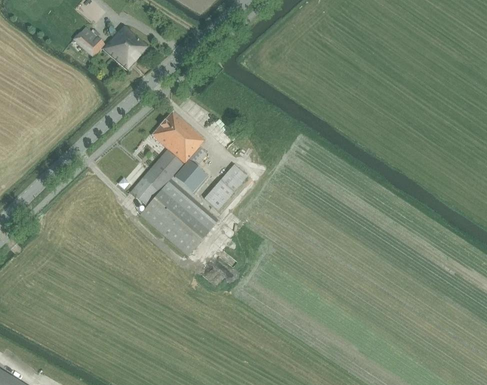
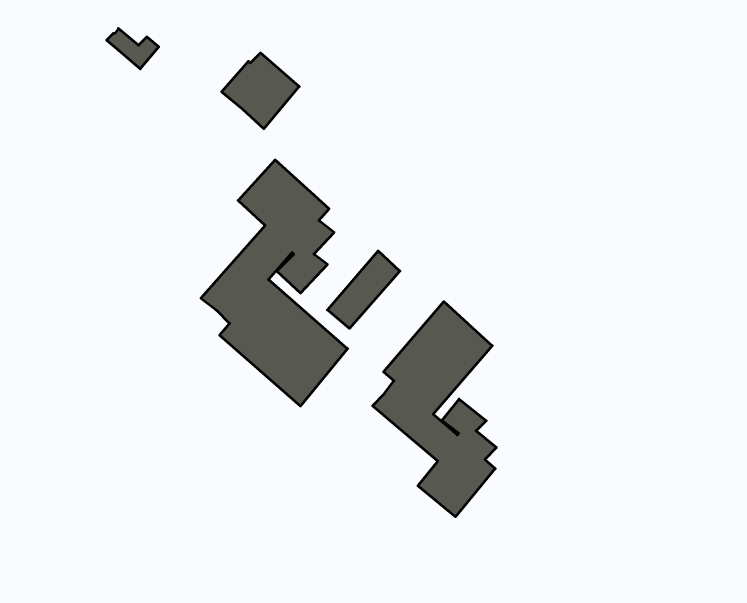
building: [102,26,148,71] -> [222,53,299,129]
building: none -> [373,302,496,517]

